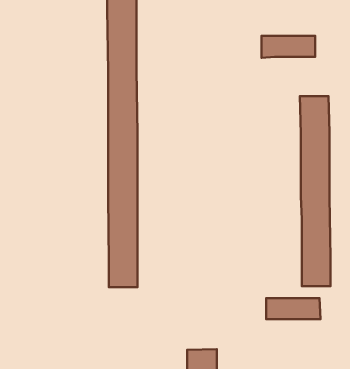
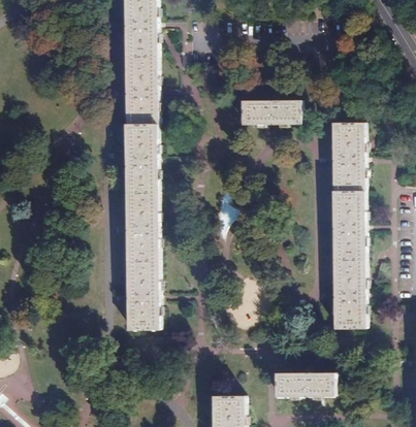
building: [262,36,315,58] -> [245,101,302,125]
building: [266,298,321,319] -> [276,373,334,396]

